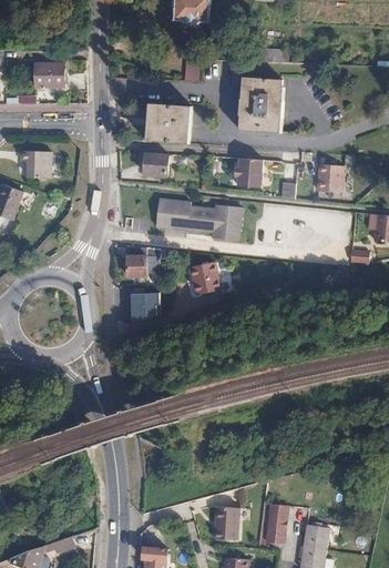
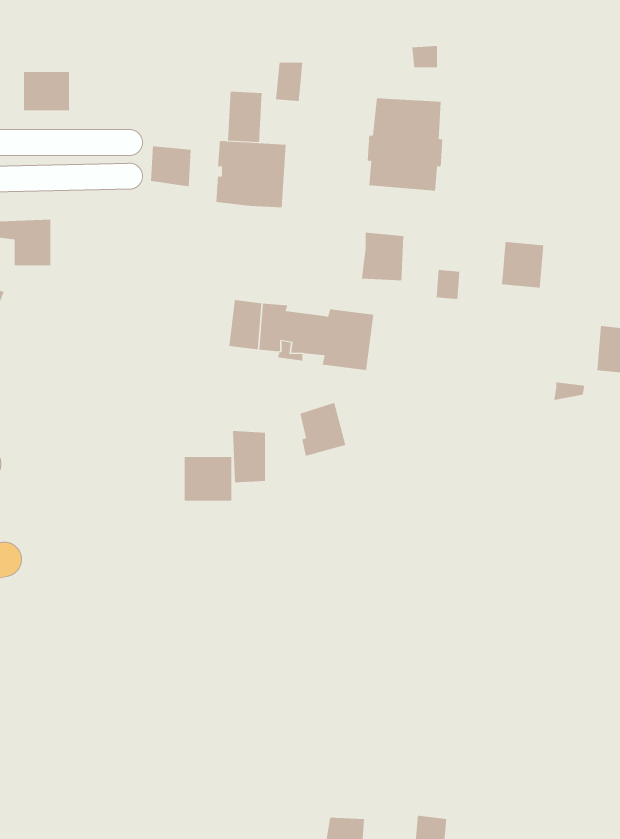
building: none -> [227,91,262,143]
building: [143,152,167,176] -> [150,146,191,187]
building: [126,246,146,277] -> [232,431,266,483]

